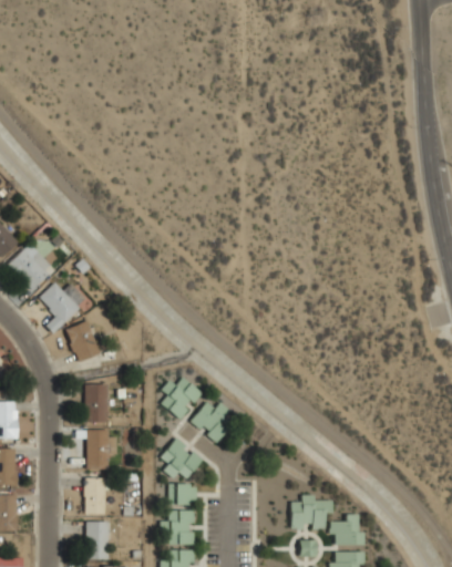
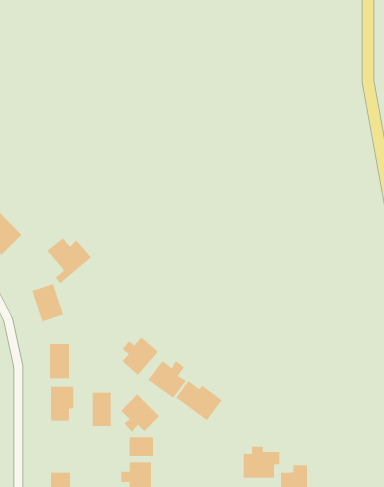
building: [39,282,88,332] -> [46,237,92,284]
building: none -> [175,380,223,421]
building: [85,477,106,514] -> [92,392,111,426]

